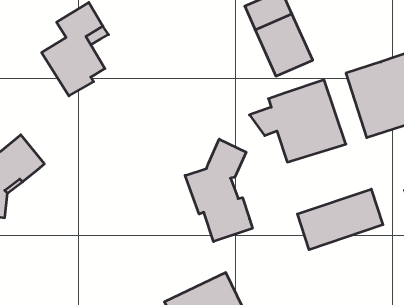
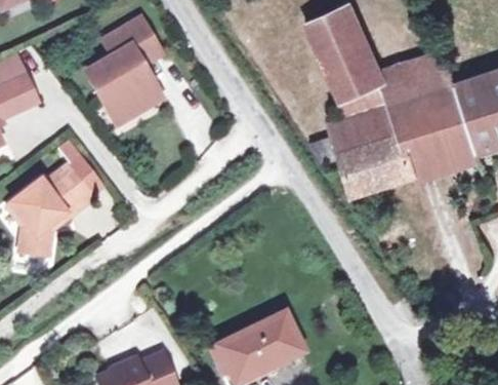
building: none -> [341,57,455,171]
building: [185,139,252,242] -> none
building: [297,189,383,250] -> none

